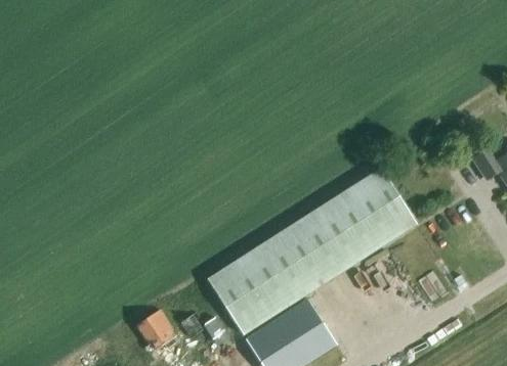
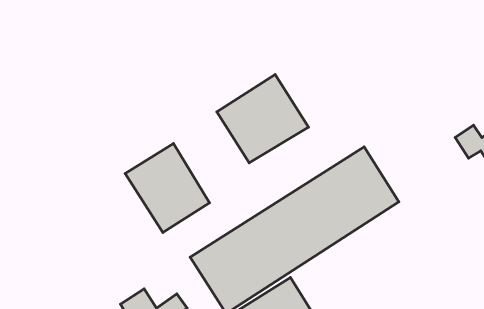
building: none -> [217,75,308,163]
building: none -> [125,143,210,233]

